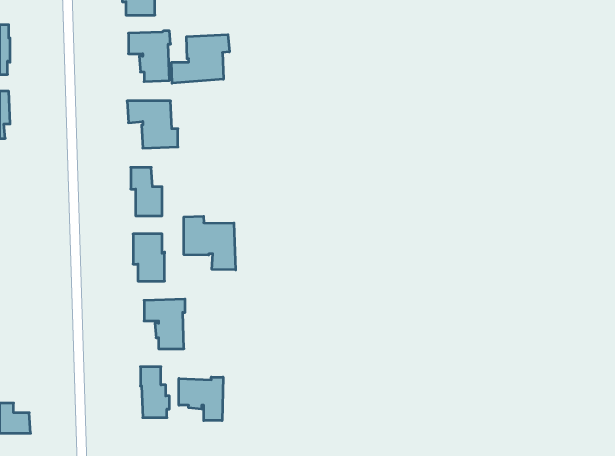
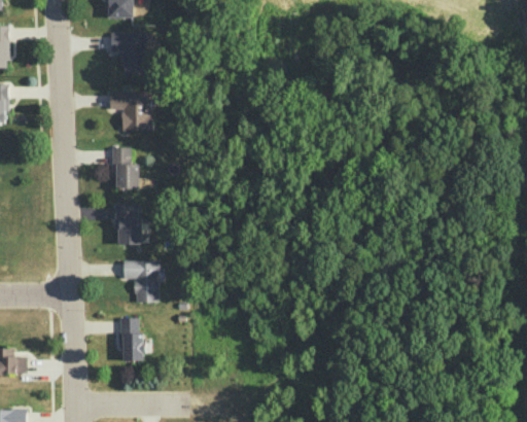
building: [172,35,229,83] -> none
building: [184,216,236,270] -> none
building: [179,377,223,421] -> none

